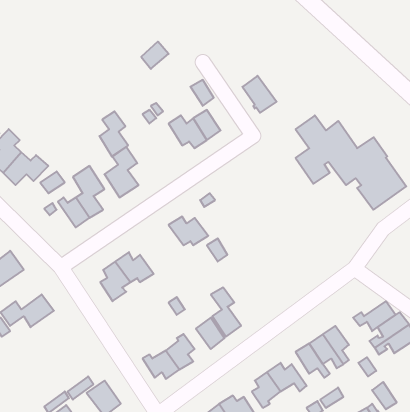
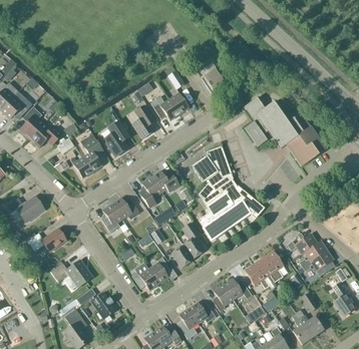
building: [99,111,128,157] -> [132,105,153,138]
building: none -> [191,145,264,241]
building: none -> [138,177,161,208]
building: none -> [50,260,92,287]

